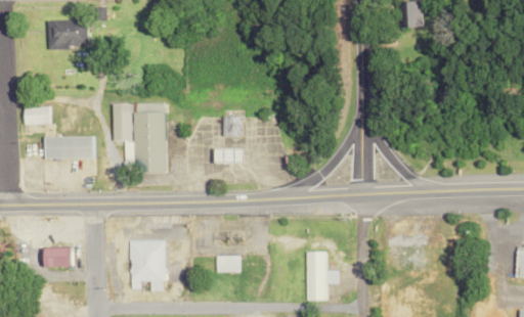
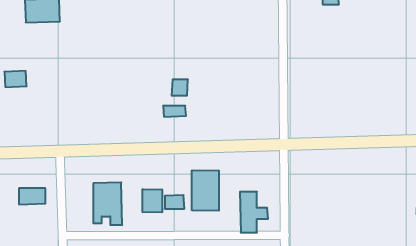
building: [113,101,165,172] -> none
building: [45,136,93,158] -> none
building: none -> [192,170,219,211]
building: none -> [143,189,162,212]

